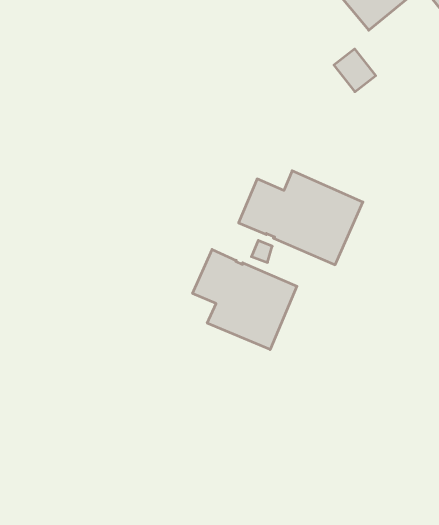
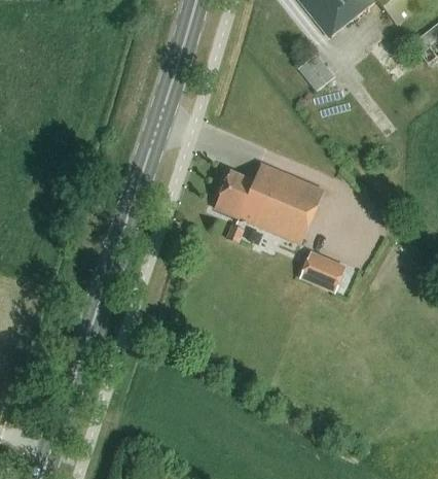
building: [193,249,297,350] -> none
building: none -> [299,250,346,294]

